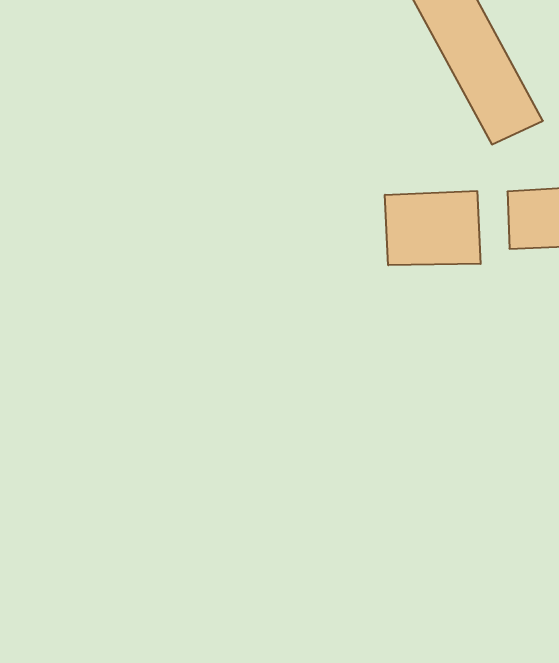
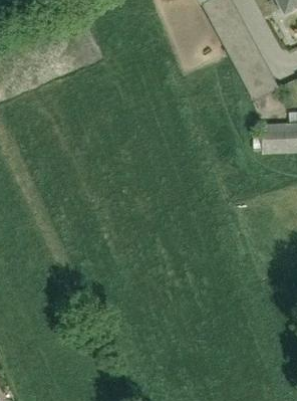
building: [385,191,481,265] -> none

